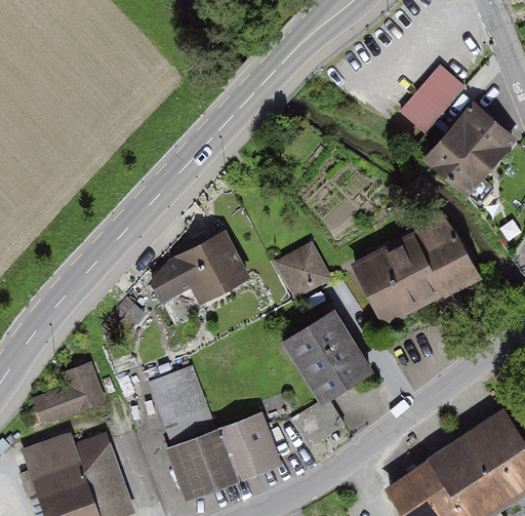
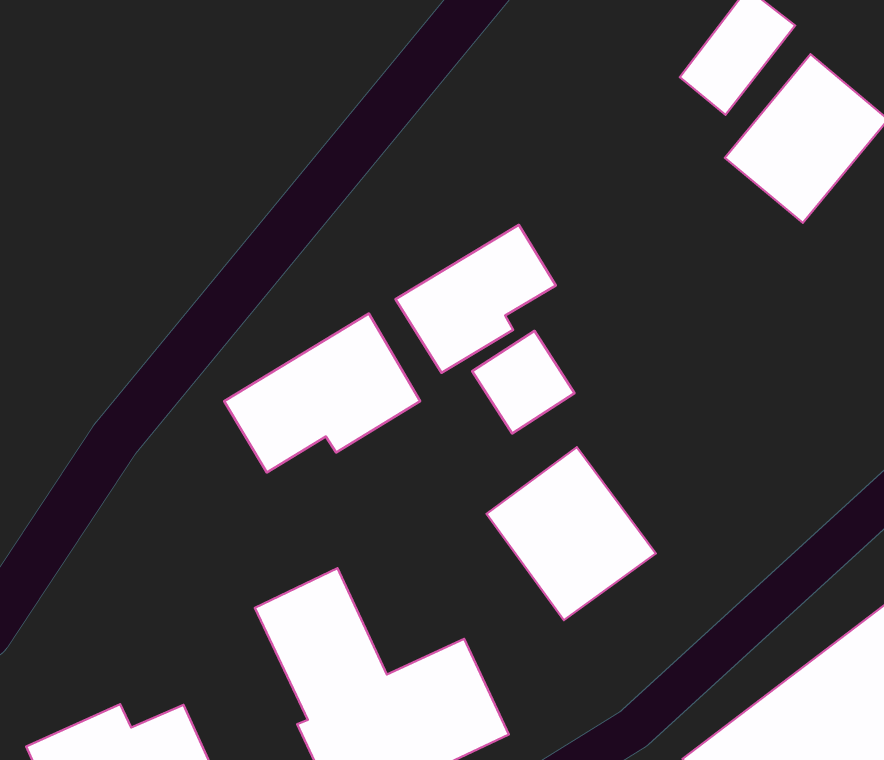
building: none -> [396,225,556,373]
building: [342,216,475,332] -> none
building: [34,364,109,429] -> none
building: [298,403,347,446] -> none

